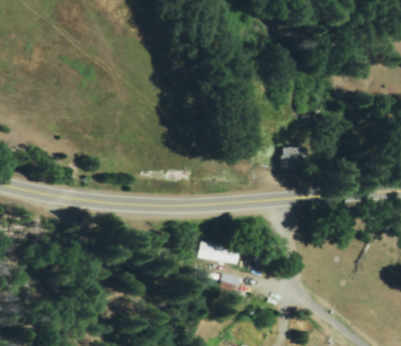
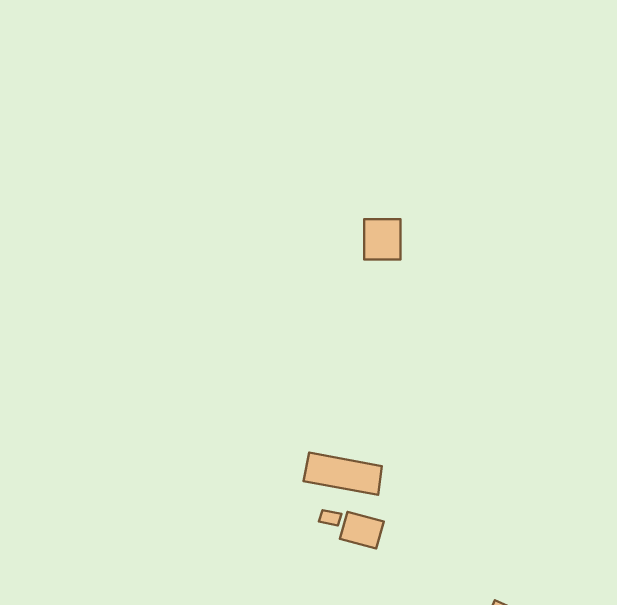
building: [282,147,301,168] -> [364,219,400,259]

